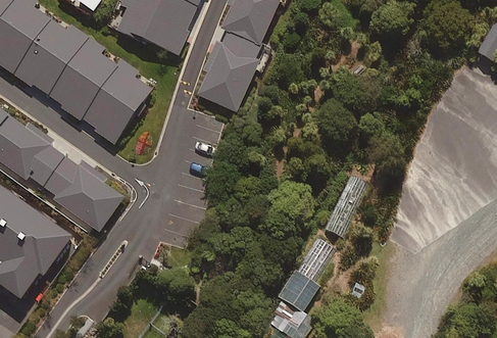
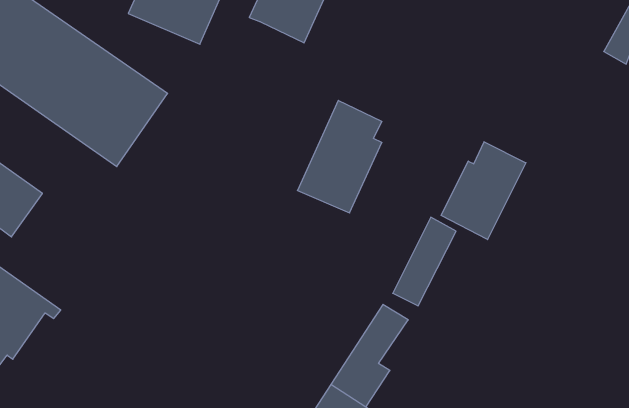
building: [195,33,256,114] -> [297,100,382,213]
building: none -> [441,142,526,240]
building: [44,157,123,233] -> none

